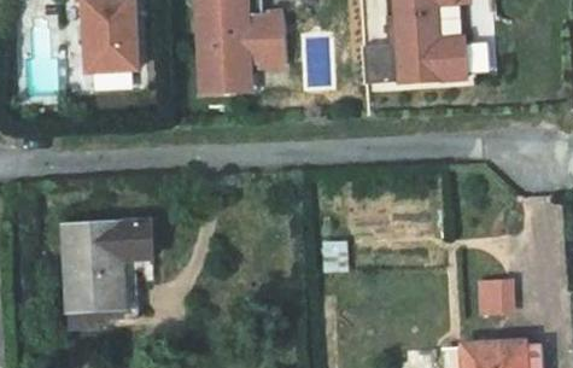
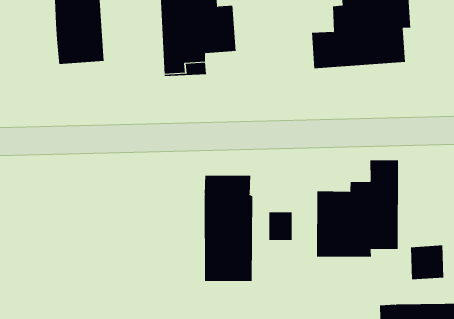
building: none -> [317,159,399,257]
building: none -> [204,175,253,282]
building: [74,233,162,335] -> none

